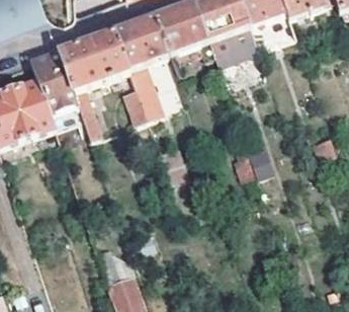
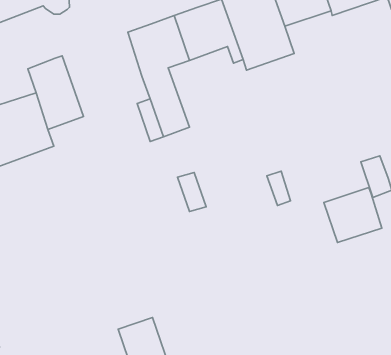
building: [60,33,128,141] -> none
building: none -> [324,188,382,243]

